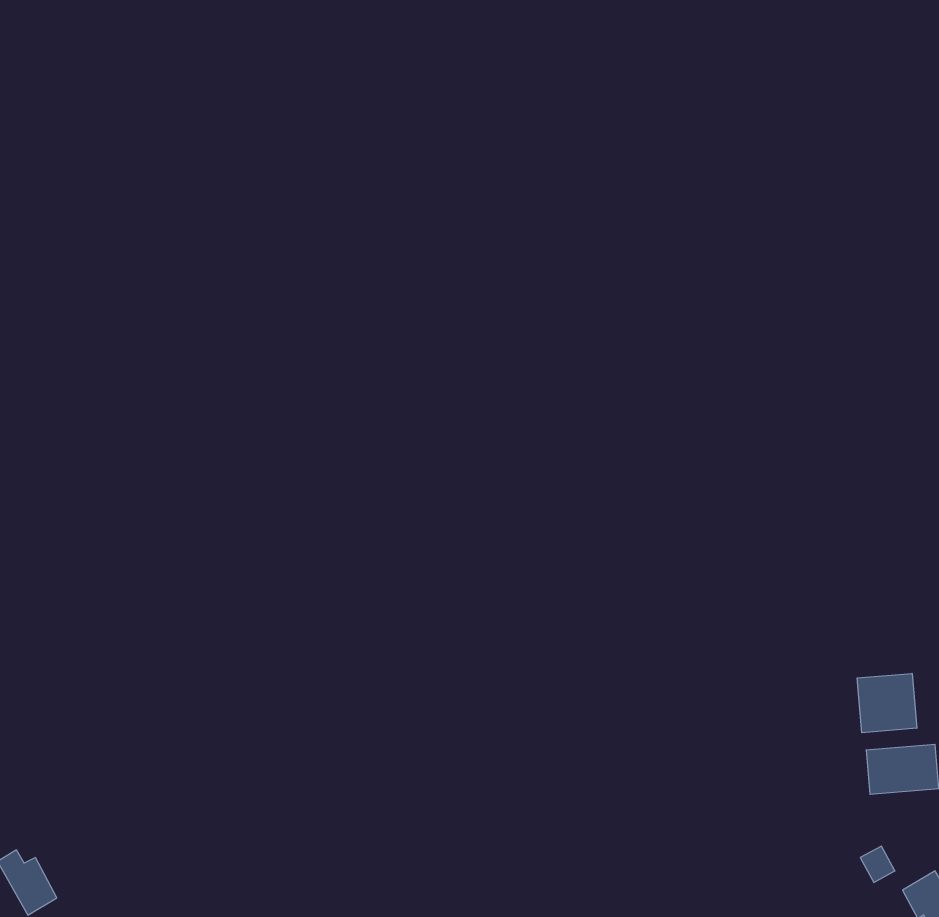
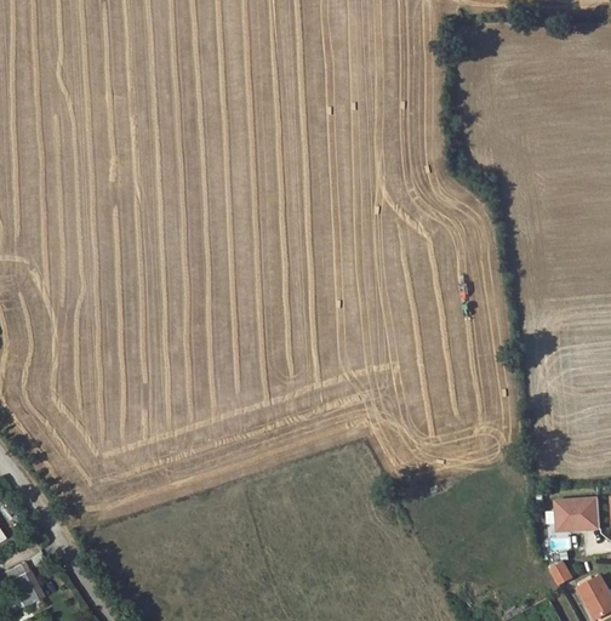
building: [857,673,917,733] -> none

